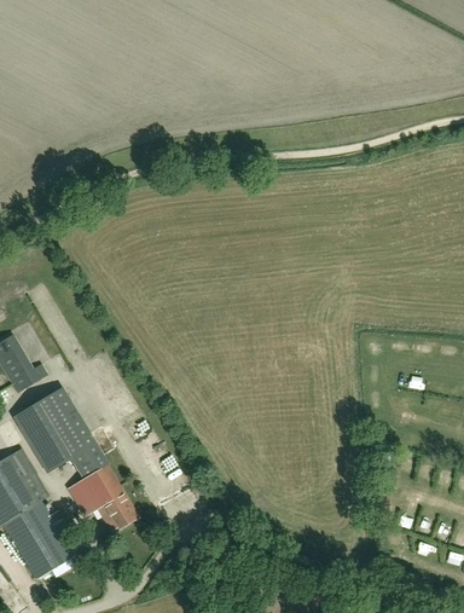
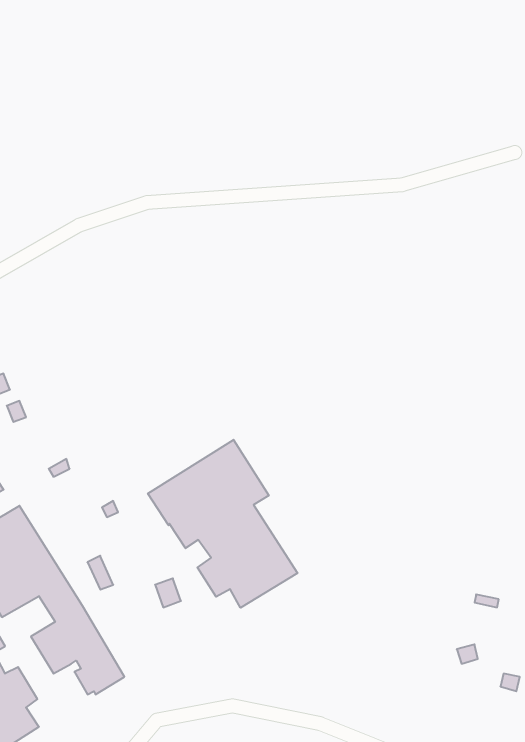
building: none -> [148,440,297,608]

